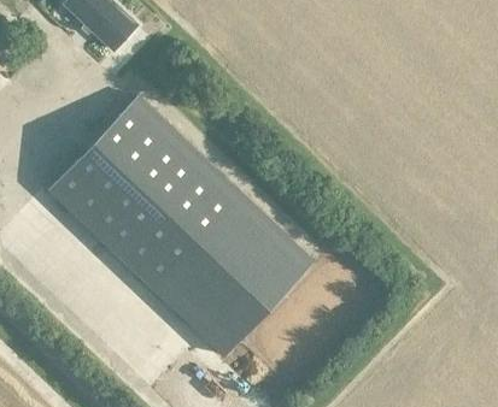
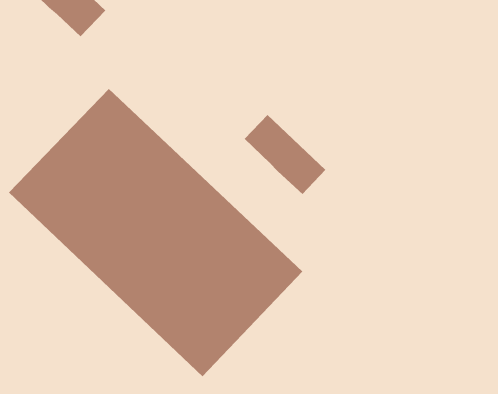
building: none -> [244,114,326,195]

